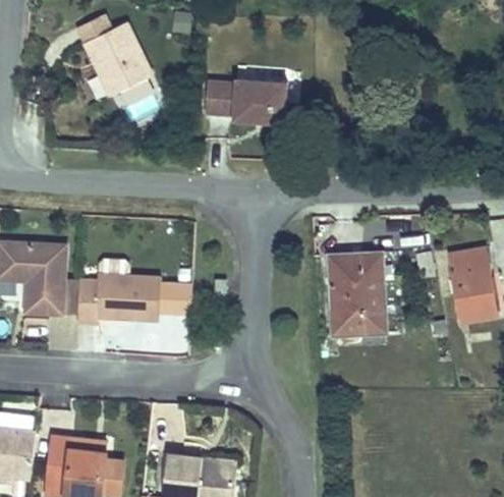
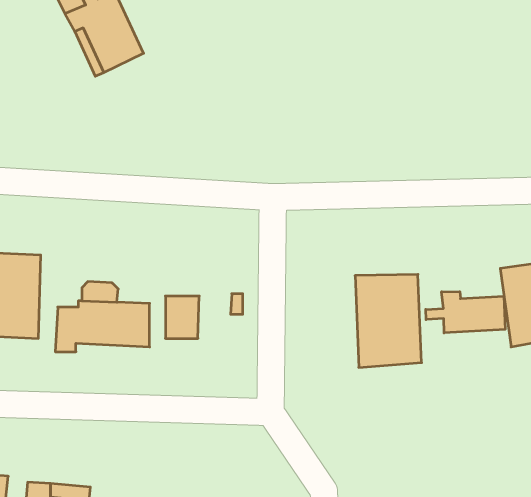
building: [205,80,287,124] -> none
building: none -> [426,292,505,333]

